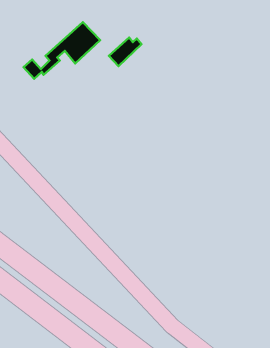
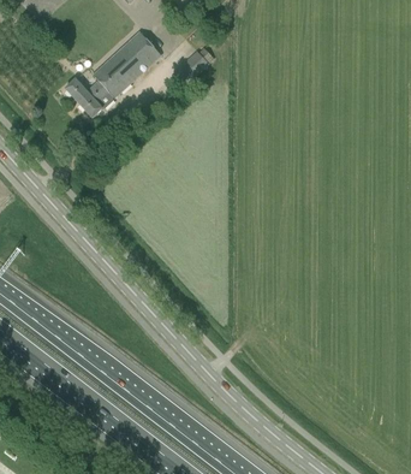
building: none -> [77,67,129,117]

